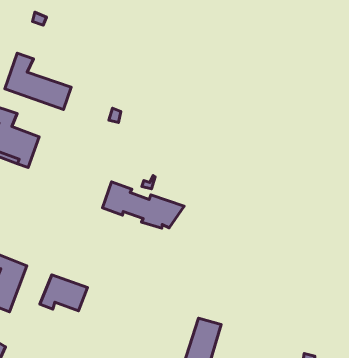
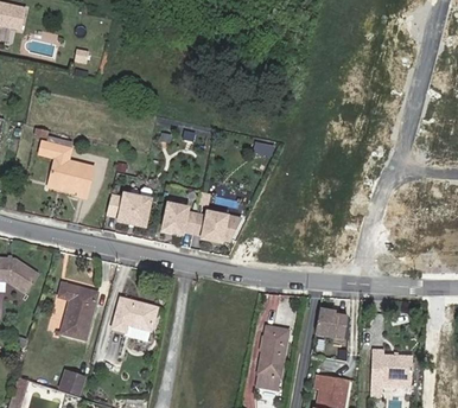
building: [5,53,71,110] -> none
building: none -> [107,192,150,225]
building: none -> [316,311,348,339]

